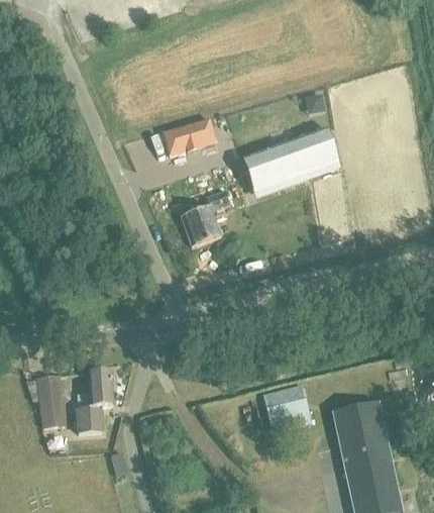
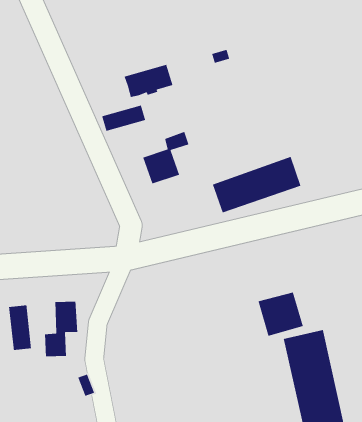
building: [242,129,338,191] -> [212,156,302,213]
building: none -> [101,105,146,132]
building: [262,384,312,432] -> [257,292,304,337]

